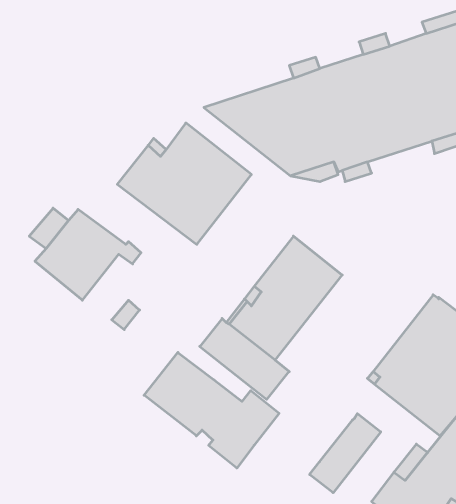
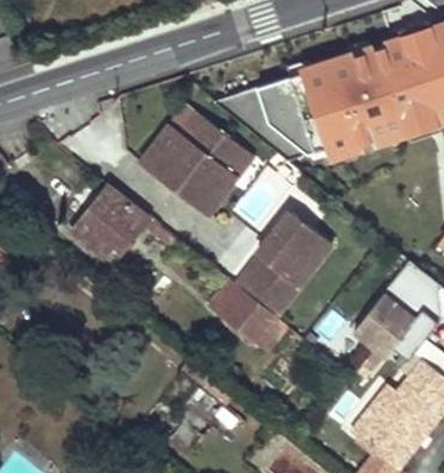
building: [144,352,279,468] -> none
building: [310,414,381,493] -> none

